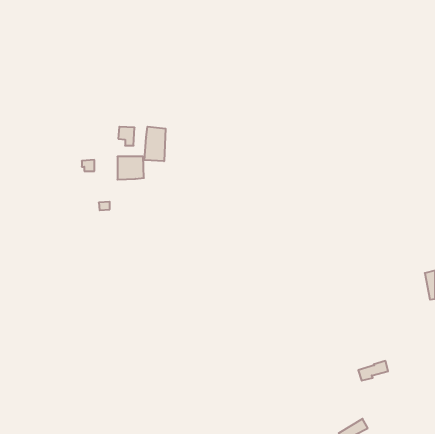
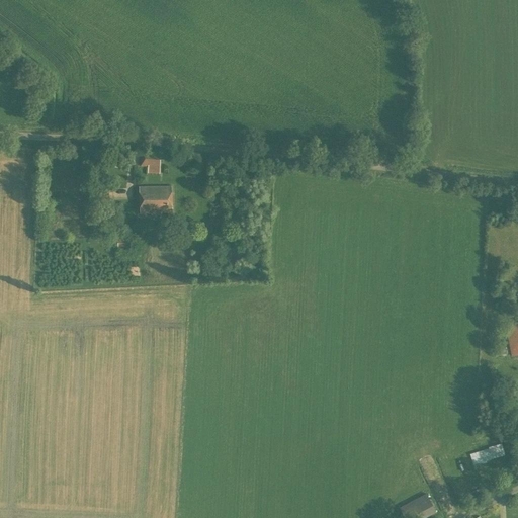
building: [145,127,166,161] -> none
building: [358,361,388,381] -> [469,444,505,467]

